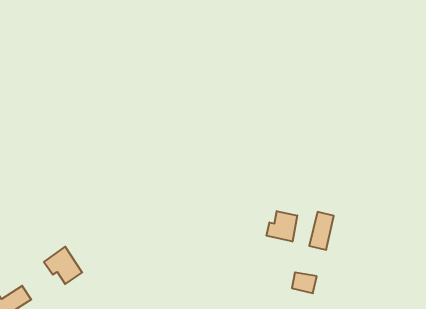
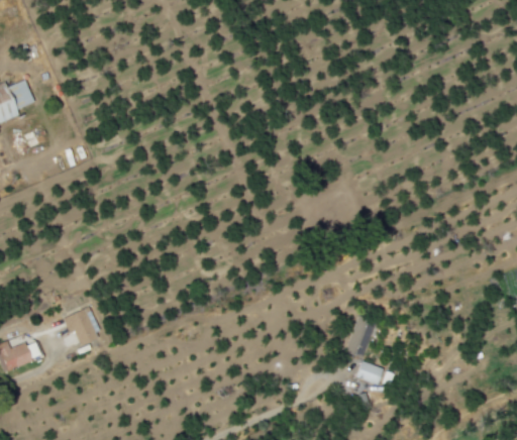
building: [267,211,297,242] -> none
building: [292,272,317,293] -> [354,361,383,387]

